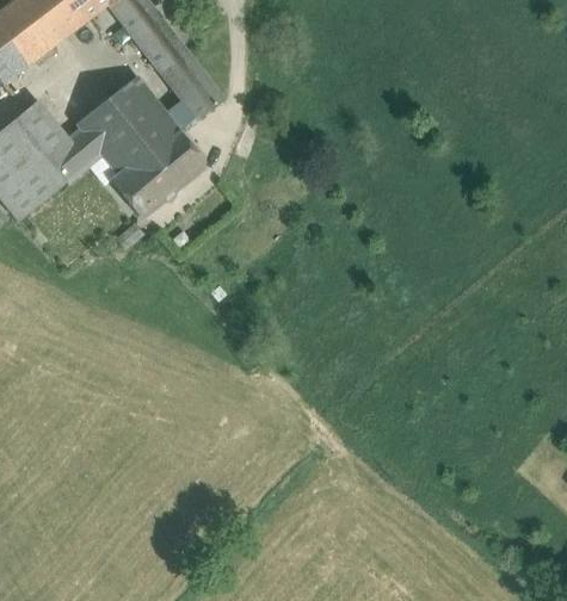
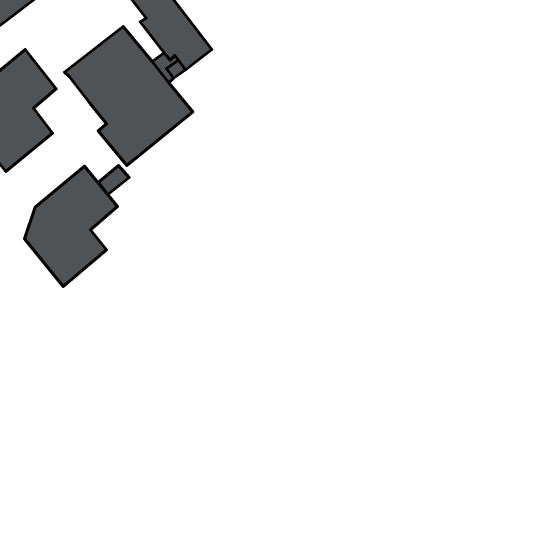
building: [47,126,103,182] -> none
building: none -> [24,166,118,287]

